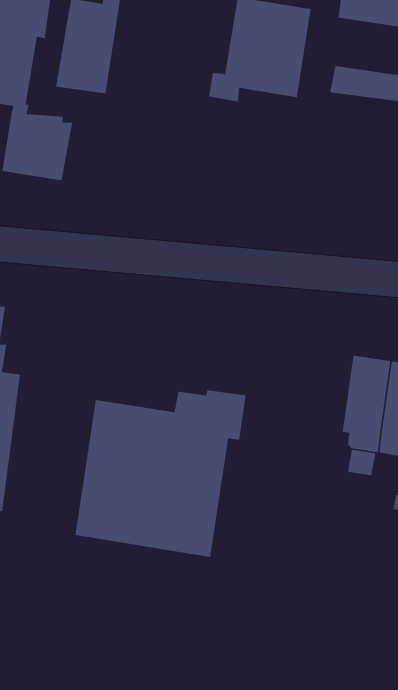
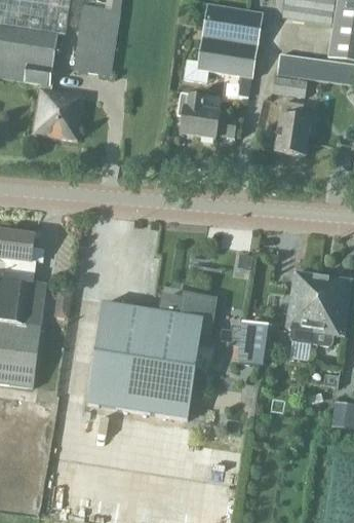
building: none -> [273,74,308,96]
building: none -> [179,92,236,138]
building: none -> [275,99,311,155]
building: none -> [239,322,270,366]

